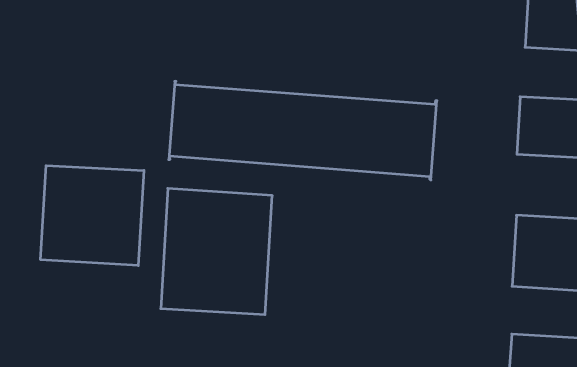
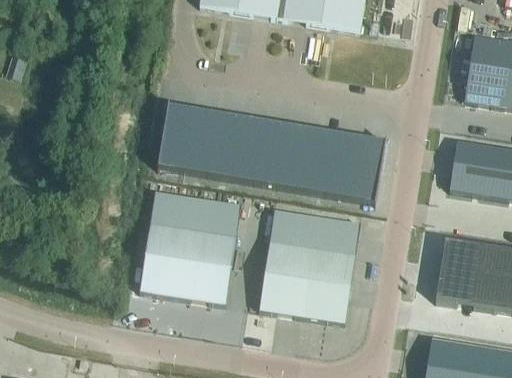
building: [41,166,144,266] -> none
building: none -> [258,210,360,322]

